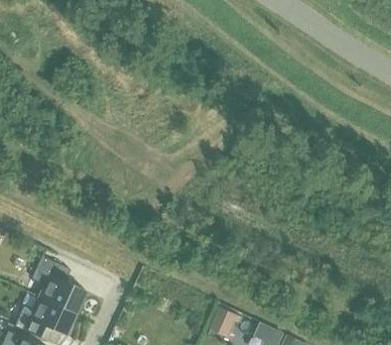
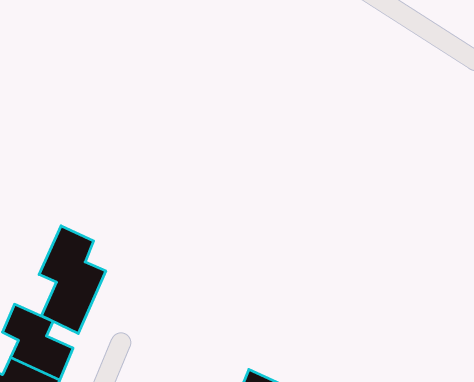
building: none -> [39,226,106,334]

